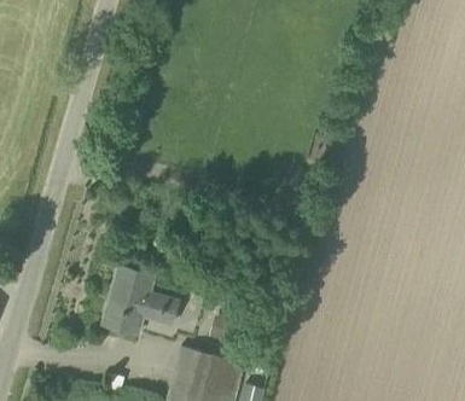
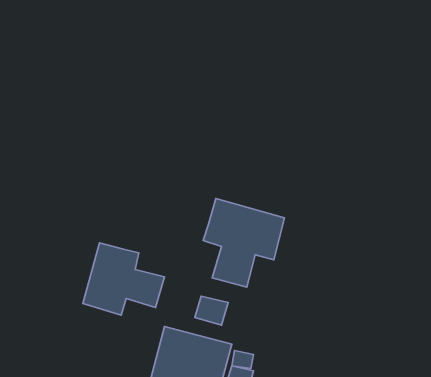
building: none -> [203,198,285,287]

